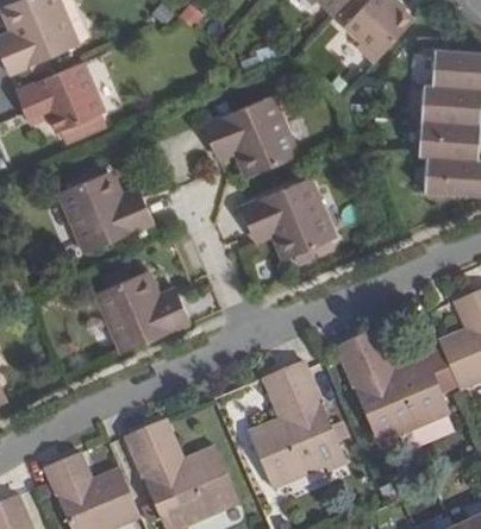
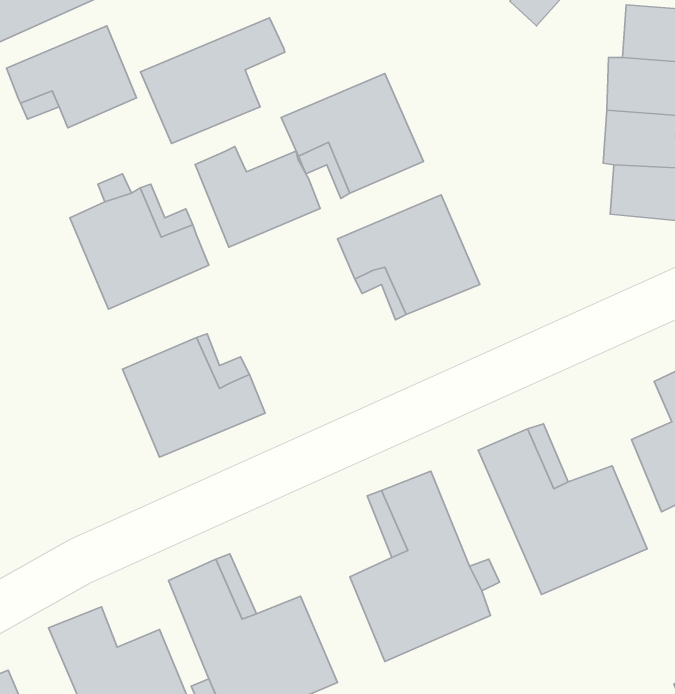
building: none -> [141,18,285,143]
building: none -> [195,147,320,247]

